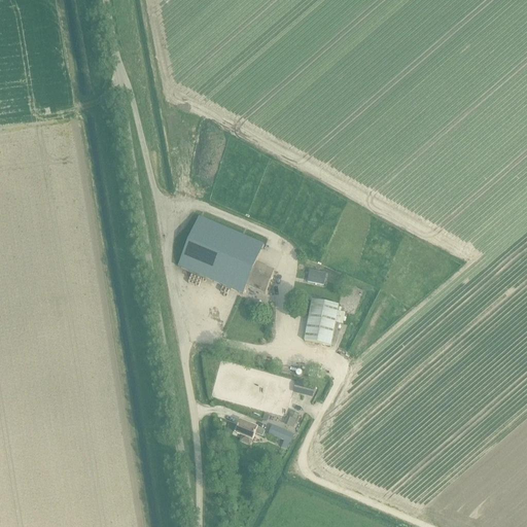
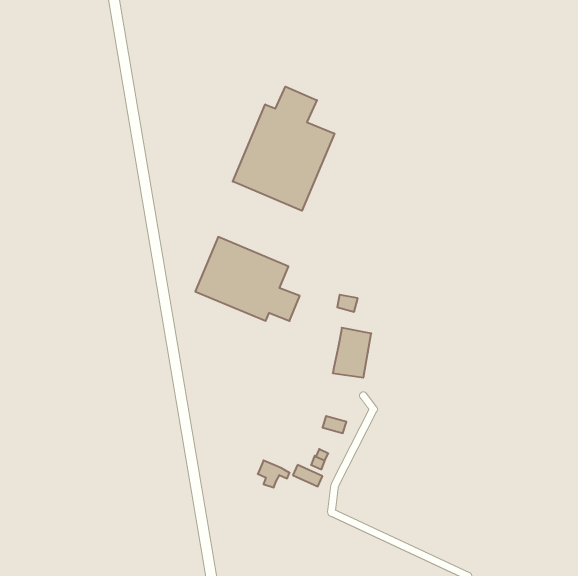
building: none -> [233,87,334,211]

